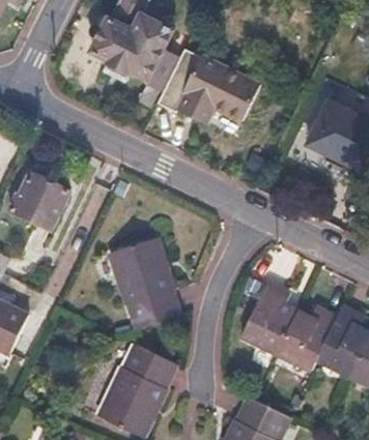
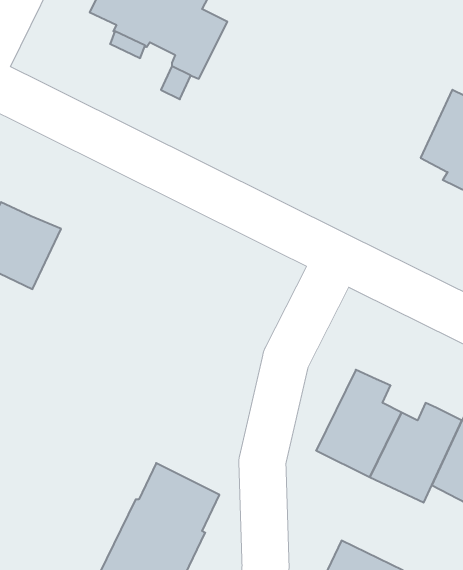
building: [157,47,258,122] -> none
building: [108,238,176,329] -> none

